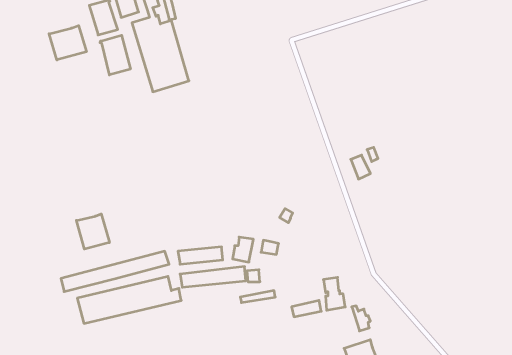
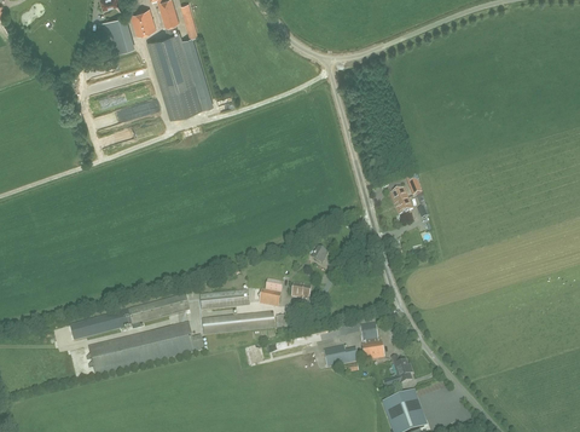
building: [49,26,86,60] -> none
building: [100,35,130,75] -> none
building: [76,214,109,249] -> none

